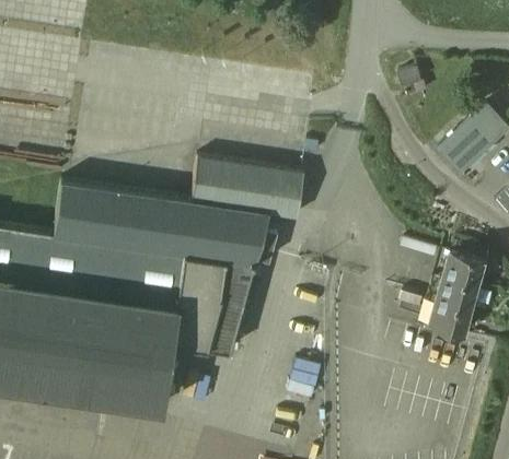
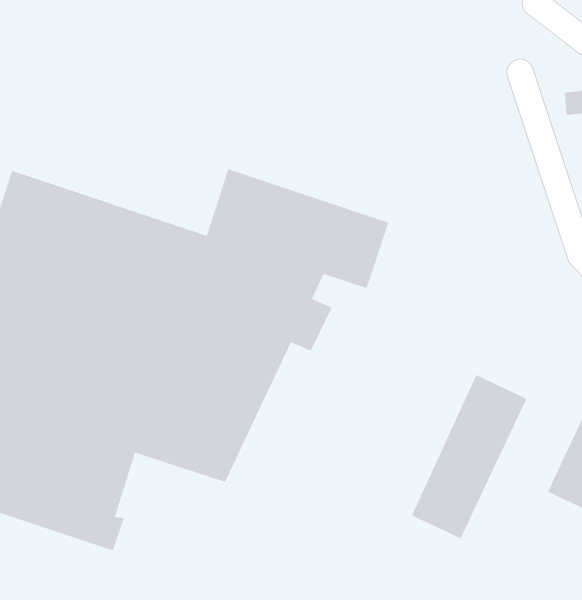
building: none -> [411,374,527,539]

